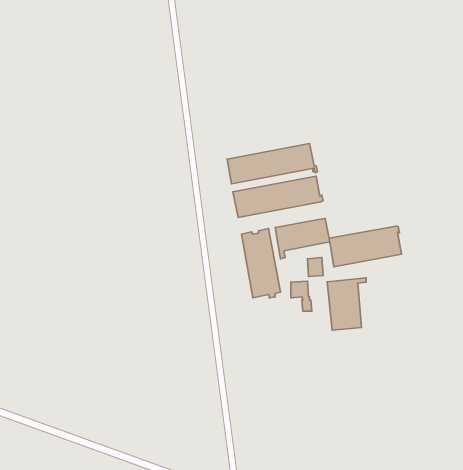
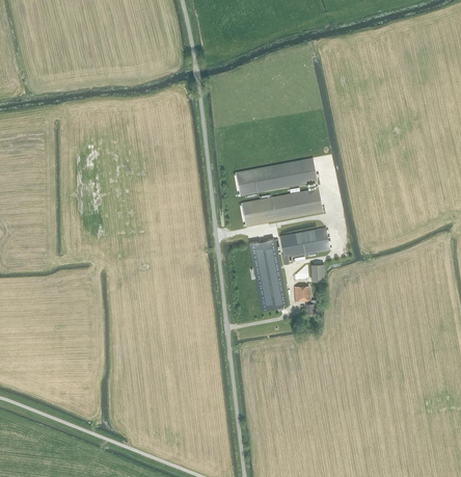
building: [329,226,402,267] -> none
building: [327,278,366,330] -> none

